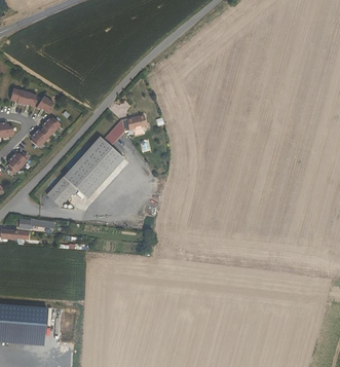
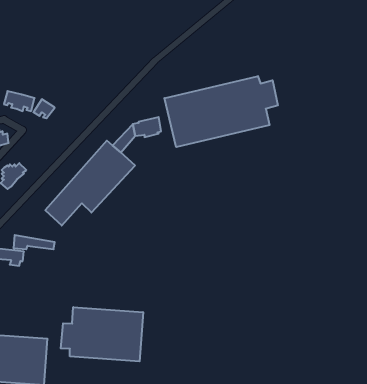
building: none -> [164,76,278,147]
building: [31,117,61,148] -> none
building: none -> [61,307,143,361]

